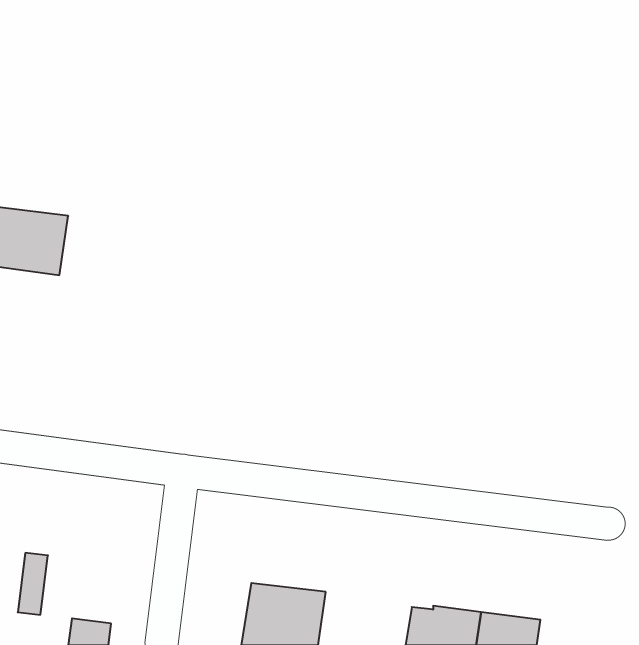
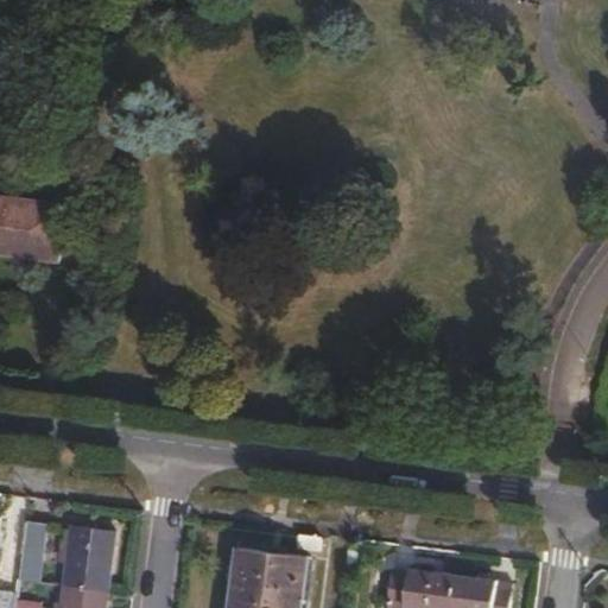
building: none -> [68,526,113,587]

